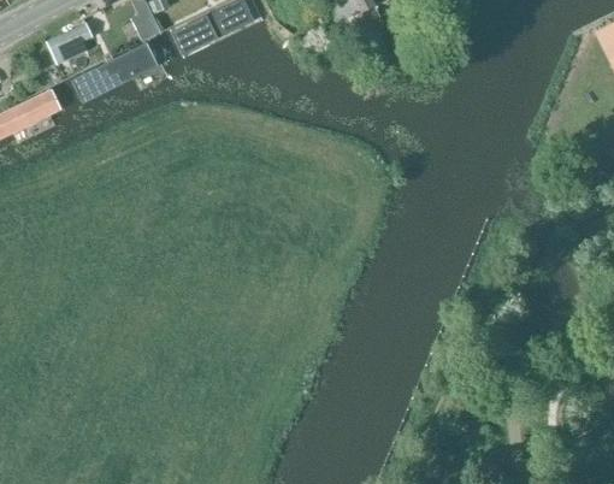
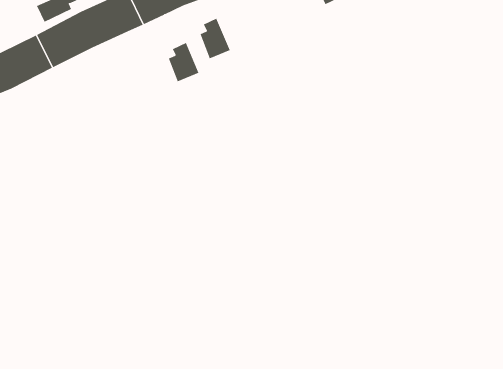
building: none -> [200,18,230,59]
building: none -> [168,42,199,82]

